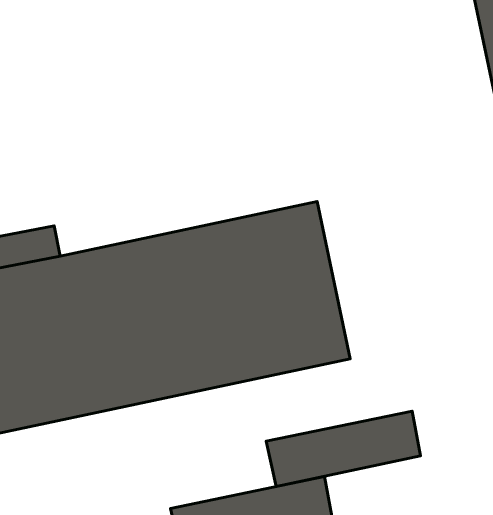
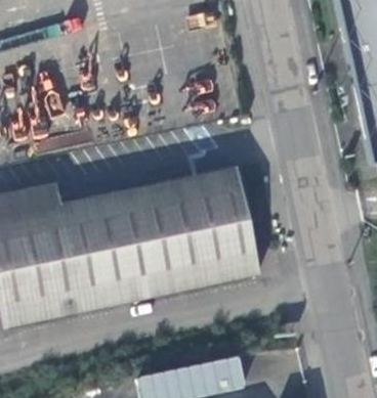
building: [266,411,421,487] -> none

